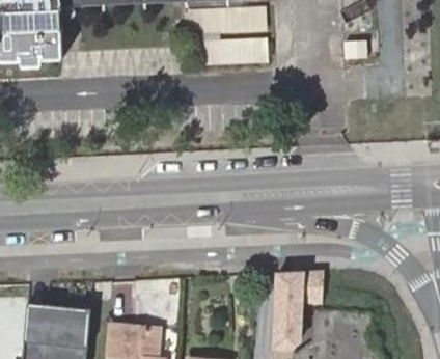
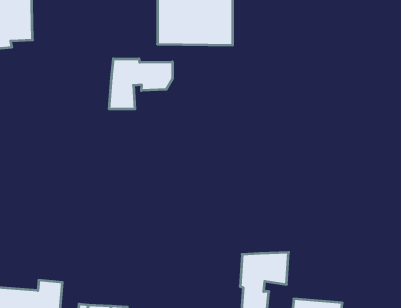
building: none -> [109,59,172,109]

